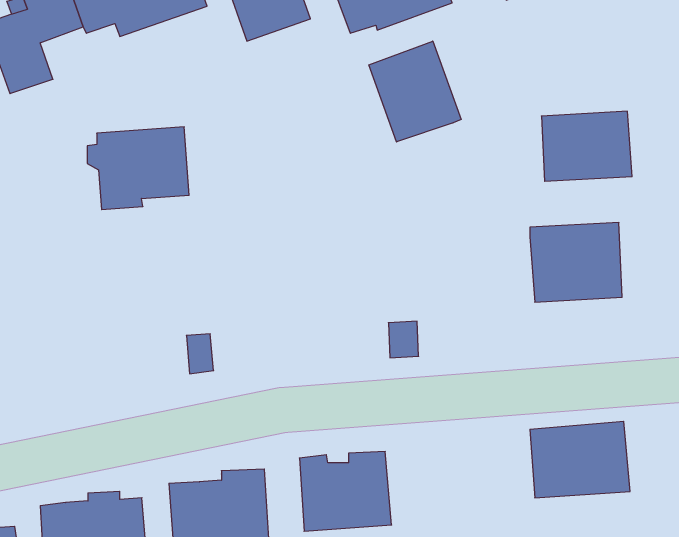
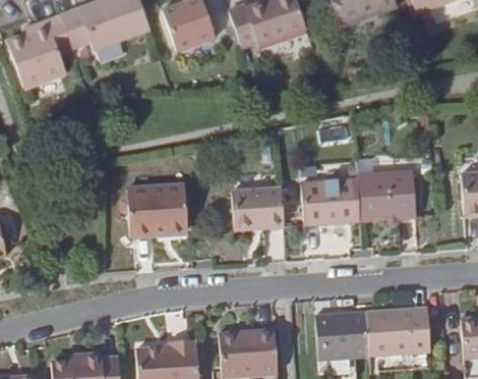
building: [369,41,461,142] -> none
building: [541,111,632,181] -> [303,181,361,226]
building: [87,127,189,210] -> [123,185,188,238]
building: none -> [235,191,285,231]
building: none -> [305,305,361,351]

